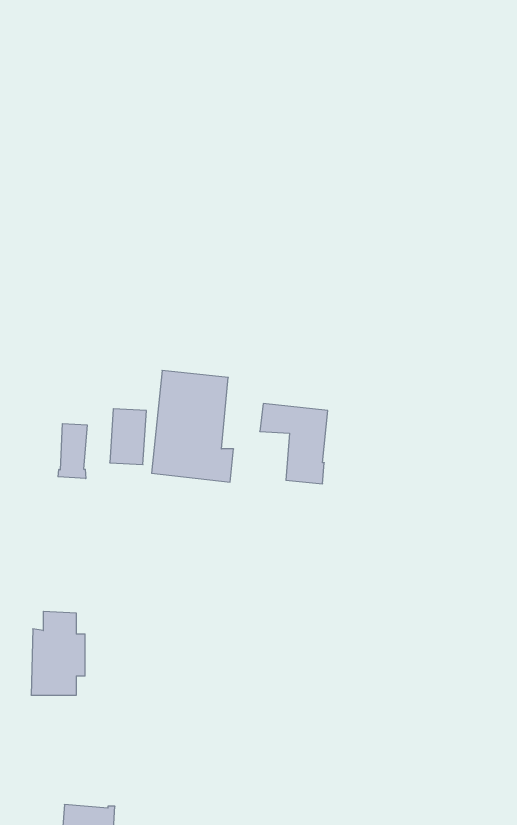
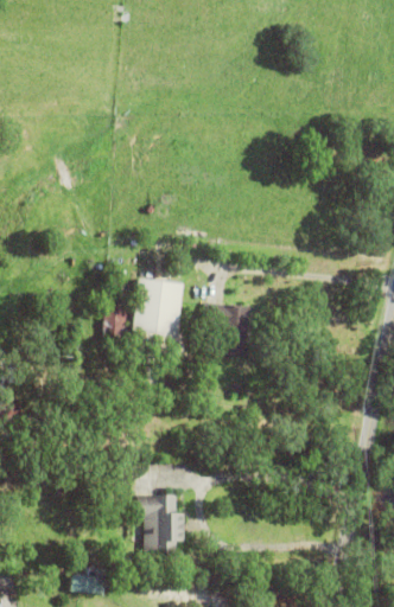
building: [58,424,87,479] -> none
building: [31,611,85,695] -> [145,494,182,551]

